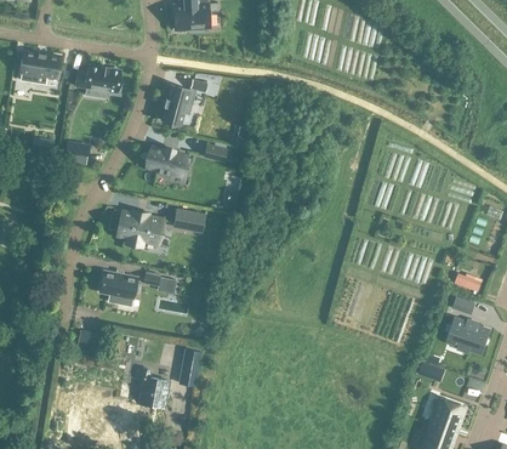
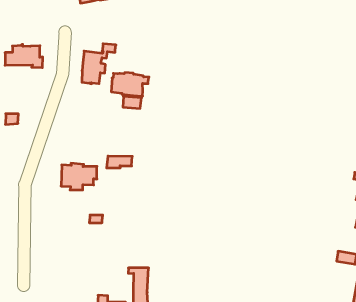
building: [146,147,192,178] -> [111,73,149,96]
building: [99,271,137,303] -> none

